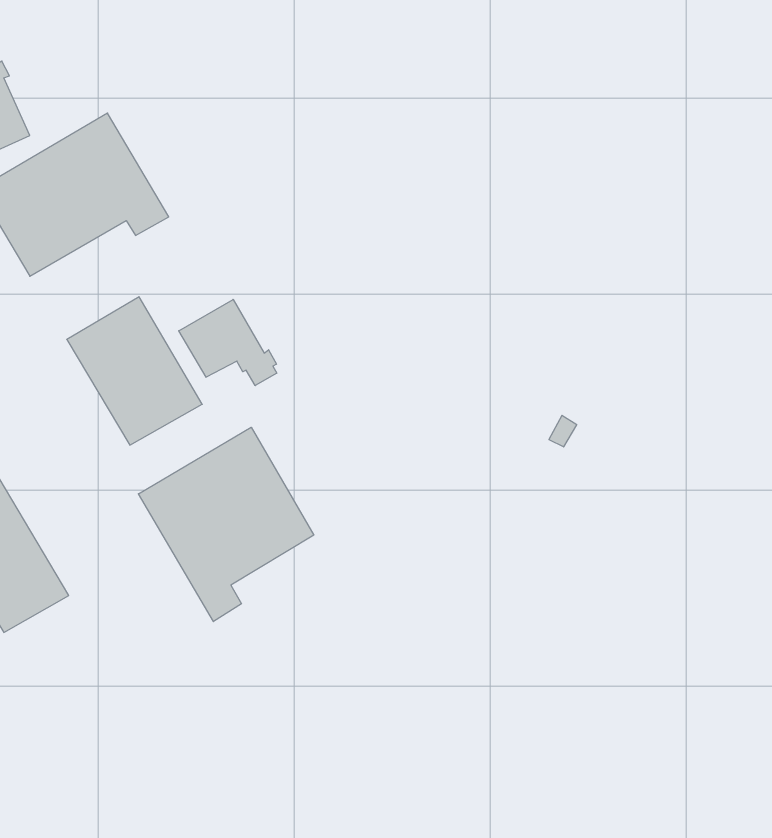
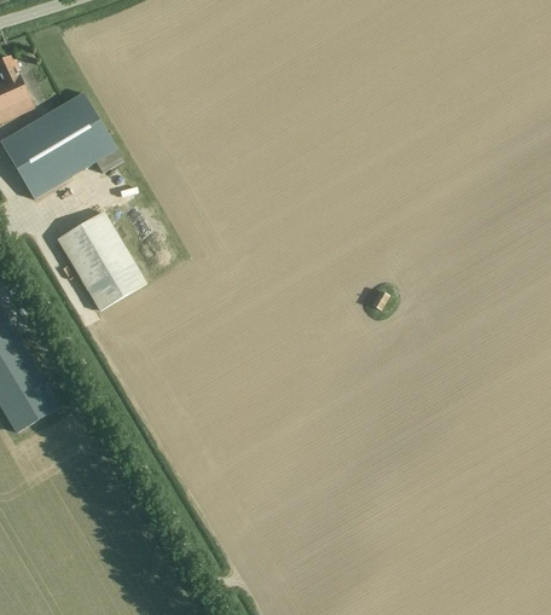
building: [179,299,277,386] -> none
building: [138,427,314,622] -> none

